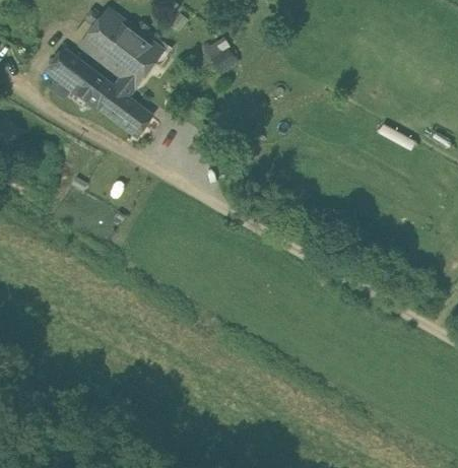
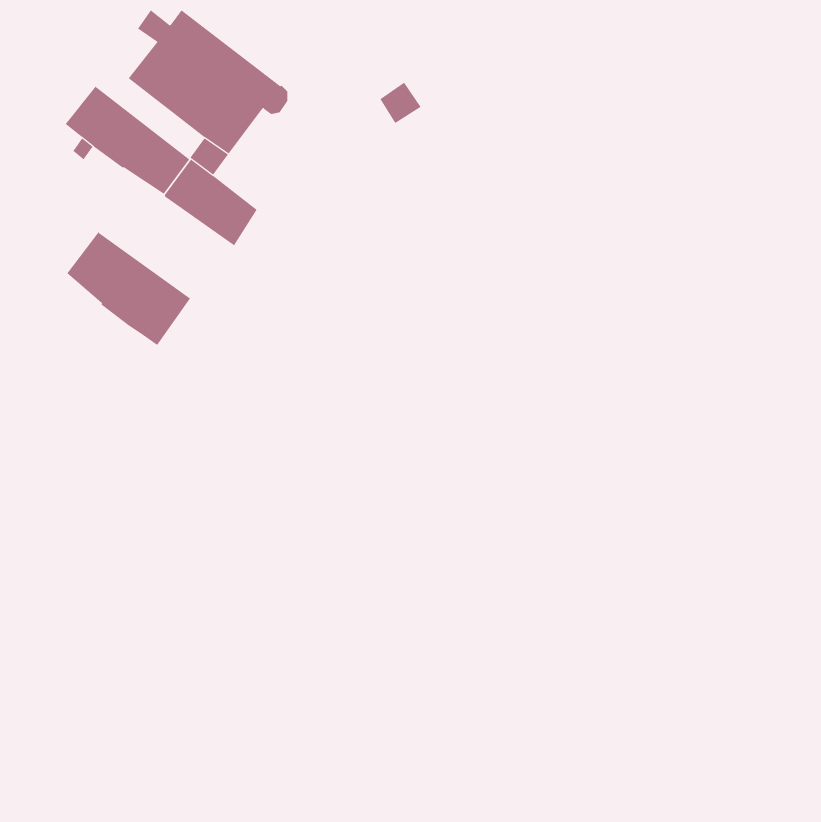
building: none -> [67,230,191,346]

